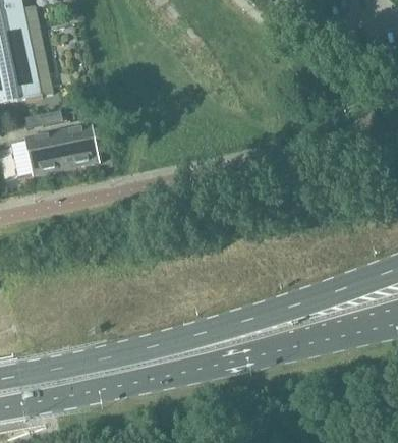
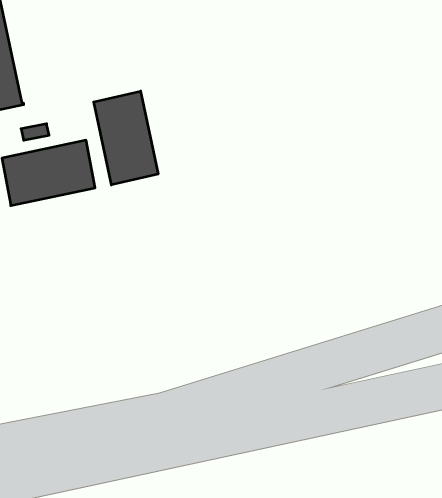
building: none -> [94,91,158,185]

